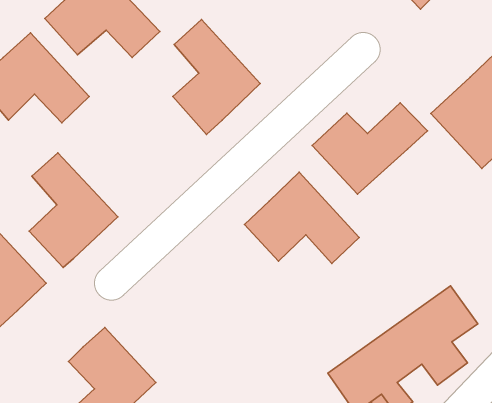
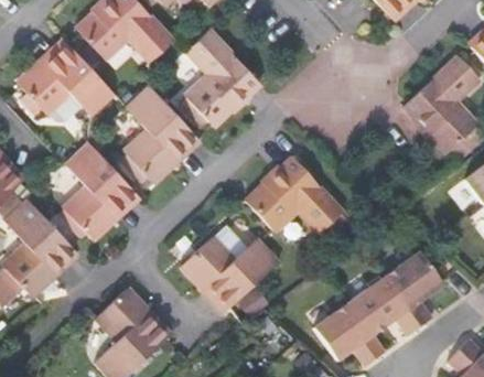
building: none -> [125,84,200,181]
building: [312,103,427,194] -> none
building: none -> [182,237,280,311]

